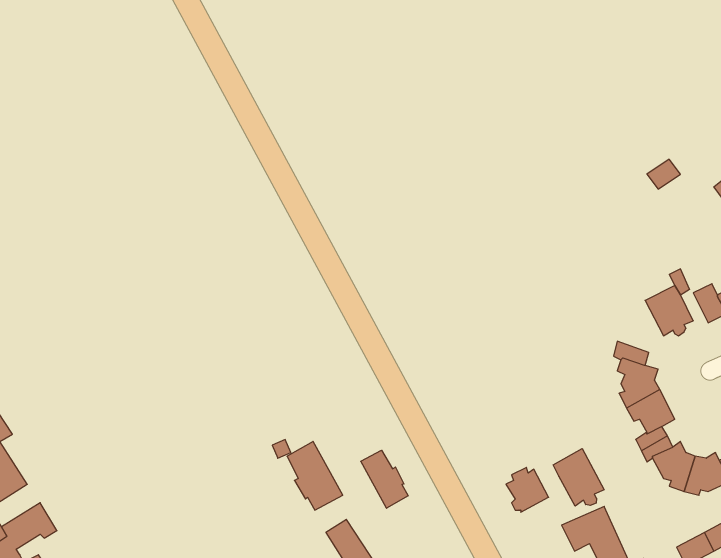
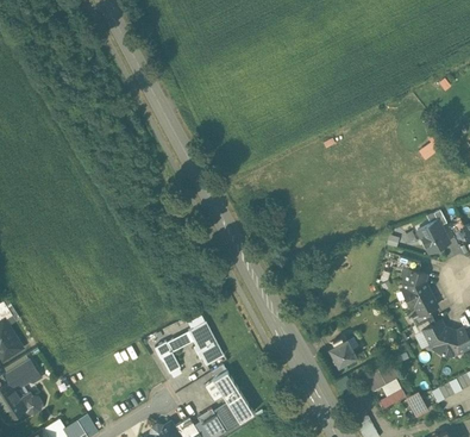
building: [553,449,604,506] -> none
building: [361,450,408,508] -> none
building: none -> [155,338,181,376]

